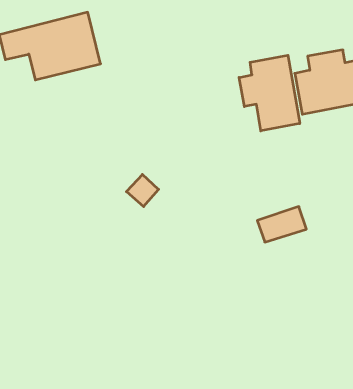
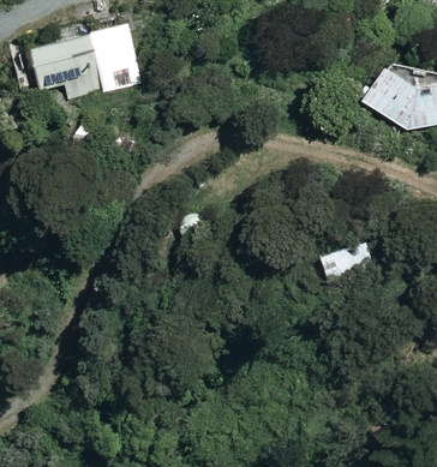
building: [239,55,300,131] -> none

